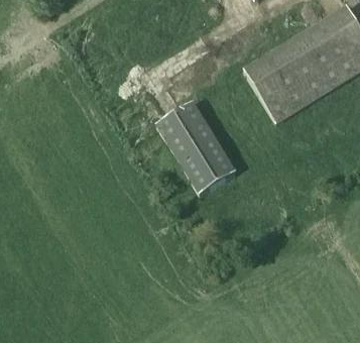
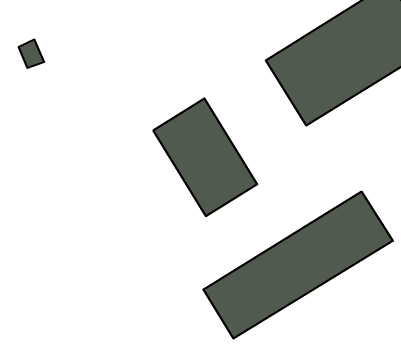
building: none -> [203,192,393,339]

